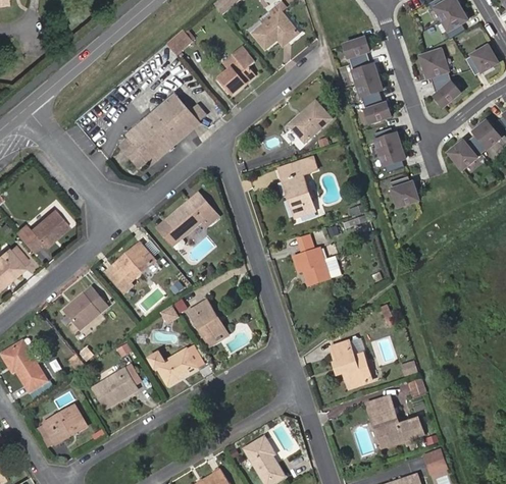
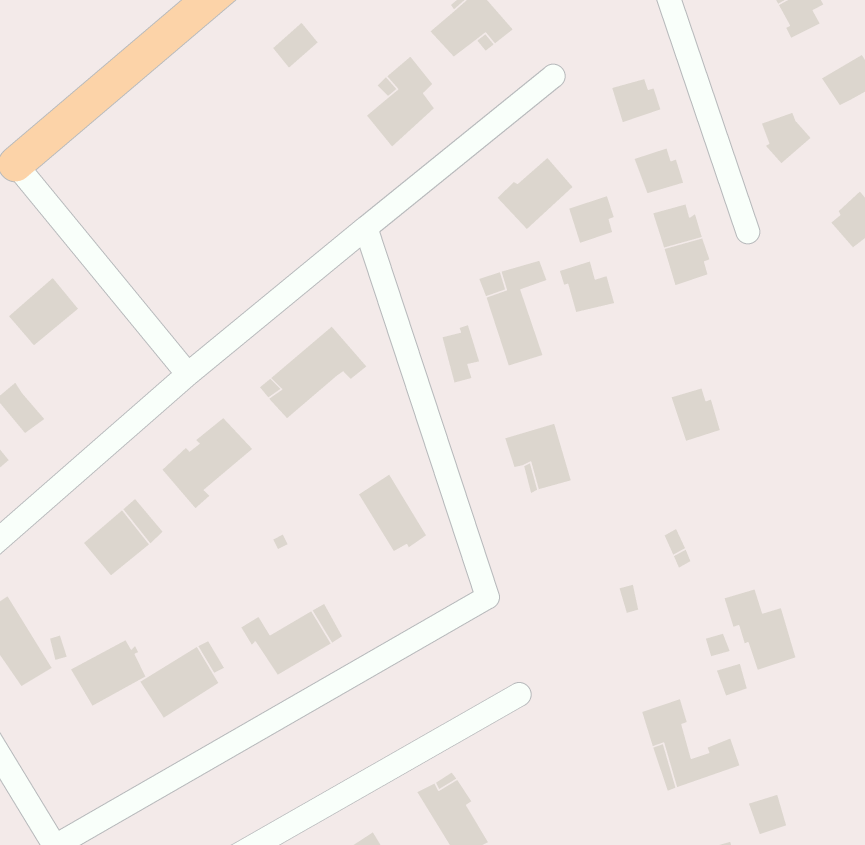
building: [344,38,368,64] -> none
building: [419,49,449,84] -> none
building: [356,76,382,103] -> [568,195,615,244]
building: [119,95,203,167] -> none
building: [448,138,482,168] -> none
building: none -> [559,261,615,313]
building: [390,176,417,206] -> [670,387,721,442]
building: none -> [441,324,480,383]
building: [30,209,68,247] -> [8,277,79,346]
building: [189,300,226,342] -> [358,474,427,552]
building: [330,341,369,386] -> [723,588,796,671]
building: [43,406,85,442] -> [70,639,147,707]

